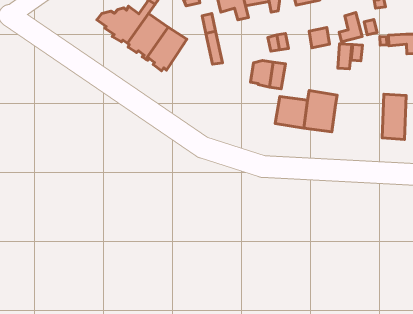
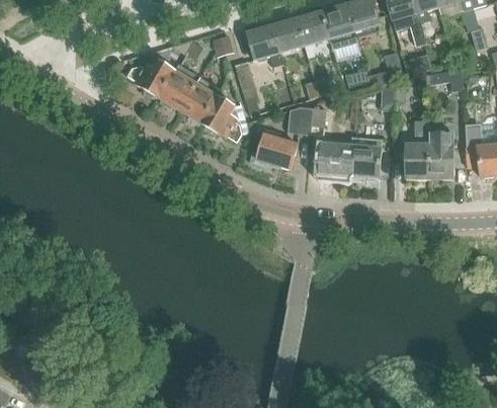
building: none -> [202,95,248,142]
building: none -> [250,130,298,169]
building: none -> [407,123,431,180]

